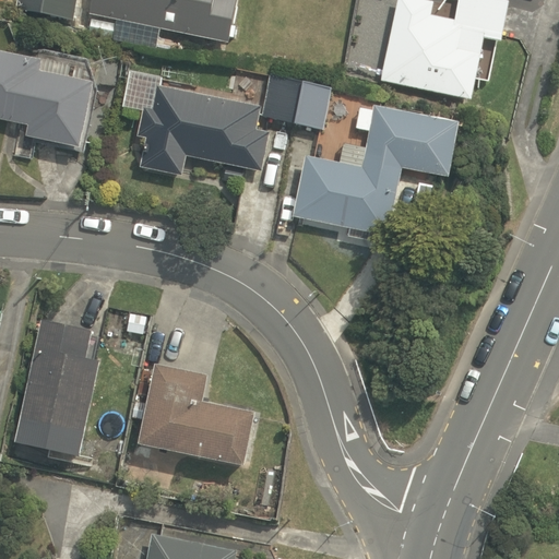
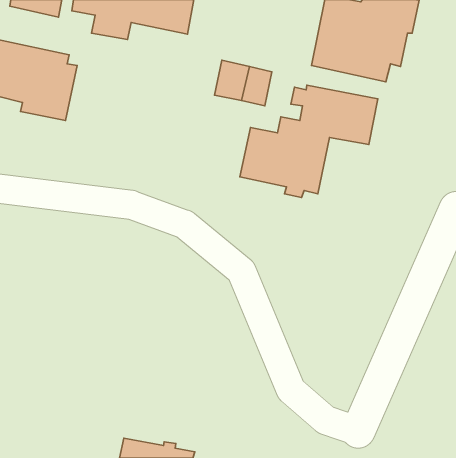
building: [121,70,269,175] -> none
building: [19,318,100,453] -> none
building: [138,362,254,464] -> none

